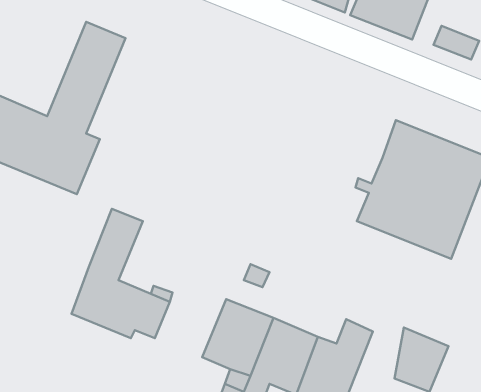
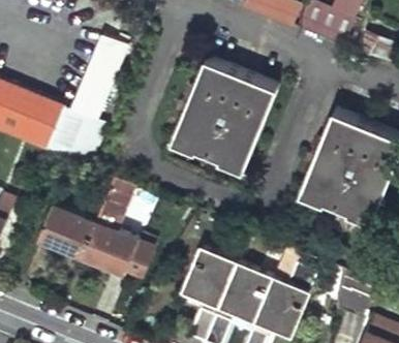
building: none -> [174,59,276,165]
building: none -> [40,207,96,259]

